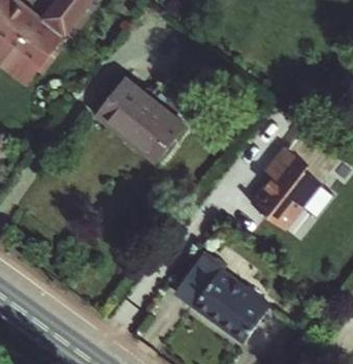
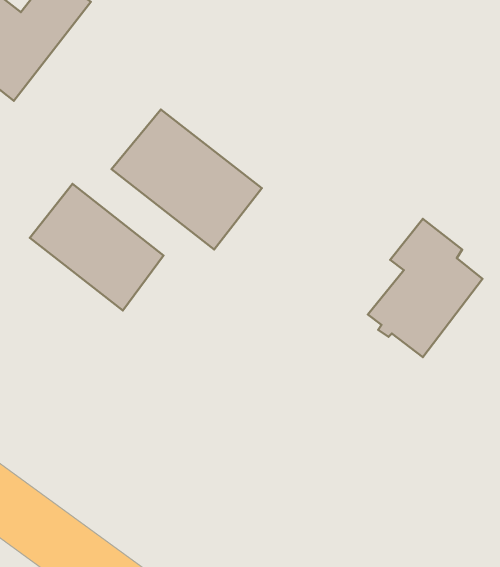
building: none -> [30,184,163,311]
building: [176,254,271,343] -> none

